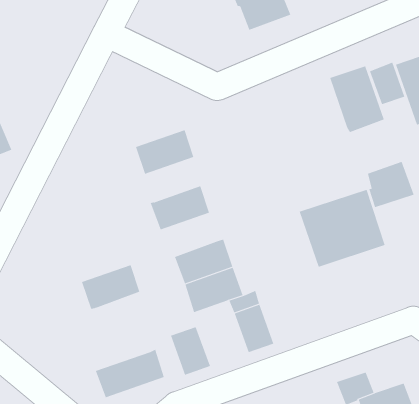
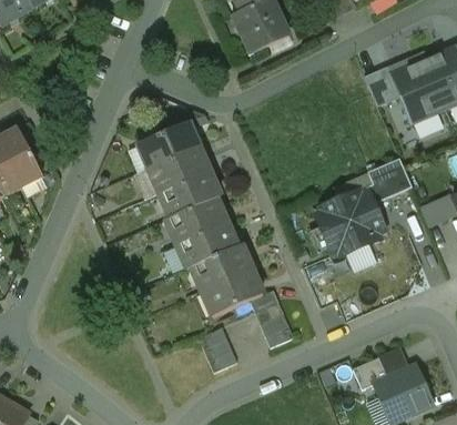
building: [330,66,385,133] -> none
building: none -> [143,120,199,164]
building: none -> [164,170,220,213]
building: [81,265,140,309] -> [182,220,236,263]
building: [95,349,164,398] -> none

